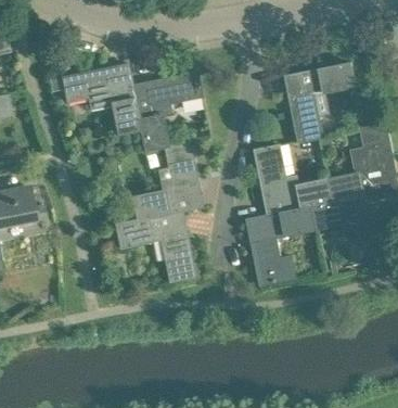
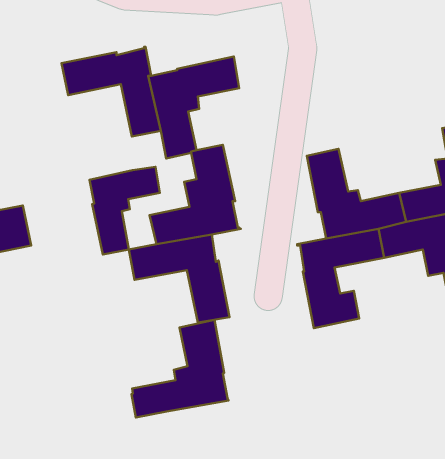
building: [285,62,357,141] -> none
building: none -> [90,167,160,255]
building: none -> [131,320,229,418]

